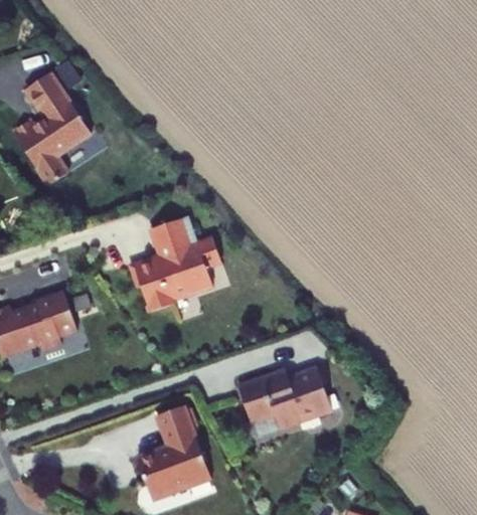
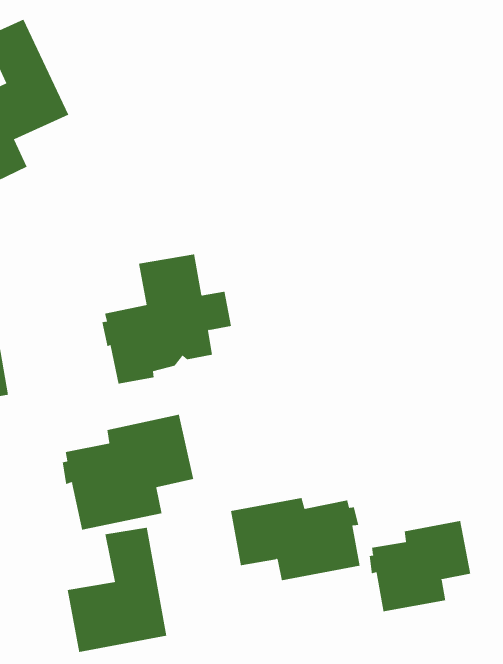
building: none -> [62,414,194,531]
building: none -> [369,520,471,612]

